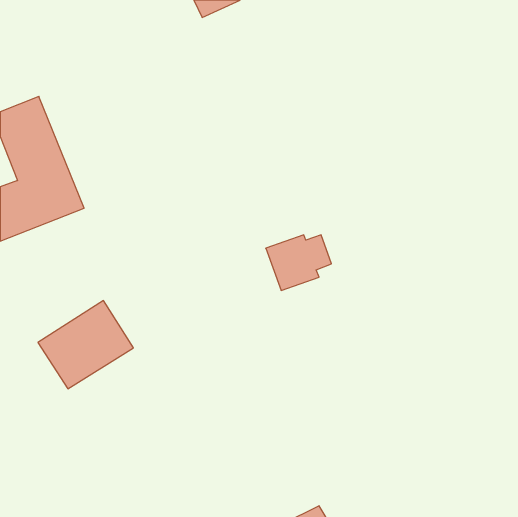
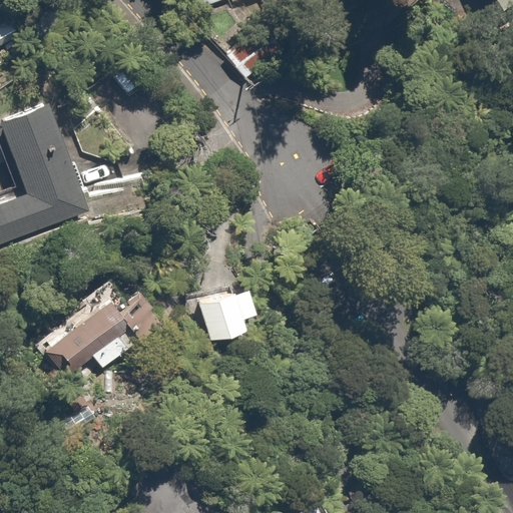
building: [266,235,331,290] -> [194,289,259,343]

